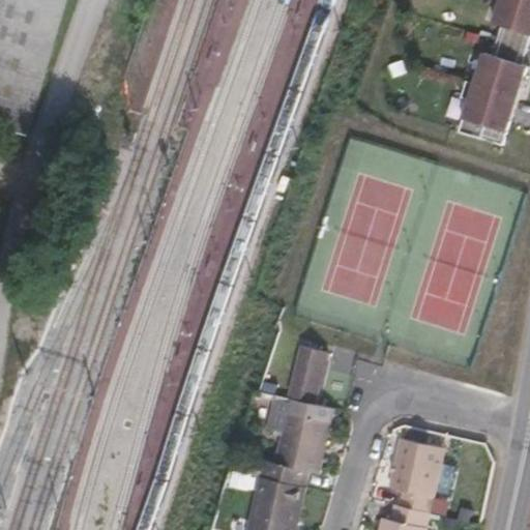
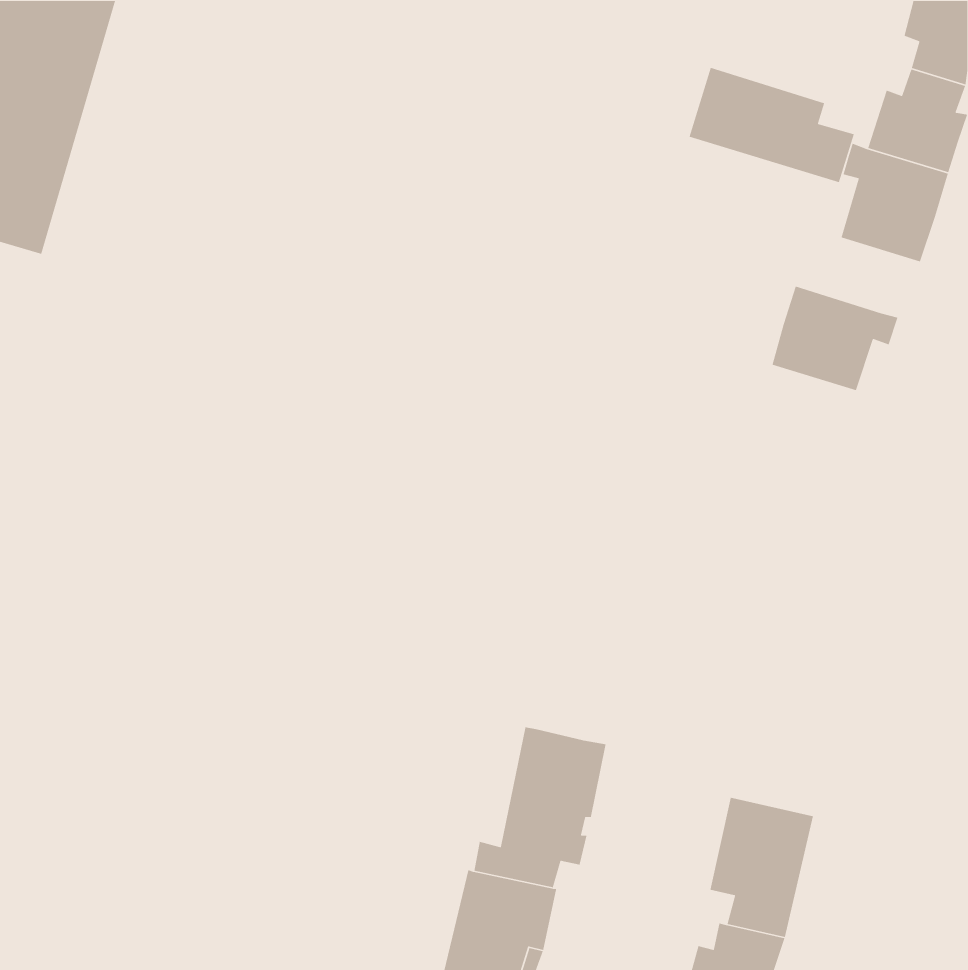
building: none -> [688,67,855,183]
building: none -> [771,286,899,391]
building: [292,347,329,404] -> none

